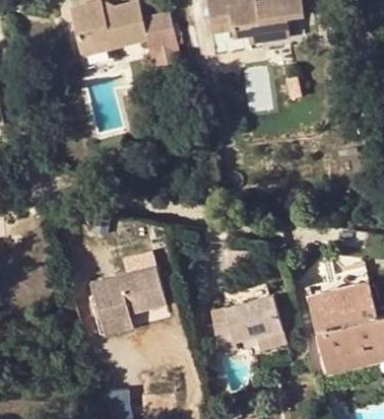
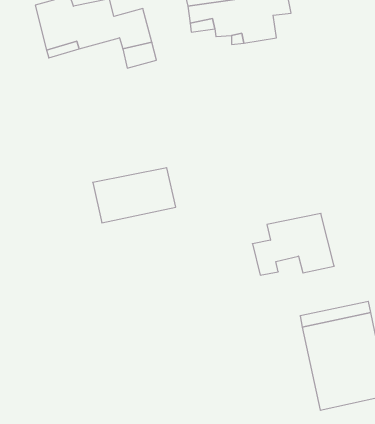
building: [91,270,167,320] -> [93,168,176,223]
building: [213,298,287,354] -> [252,213,334,275]

